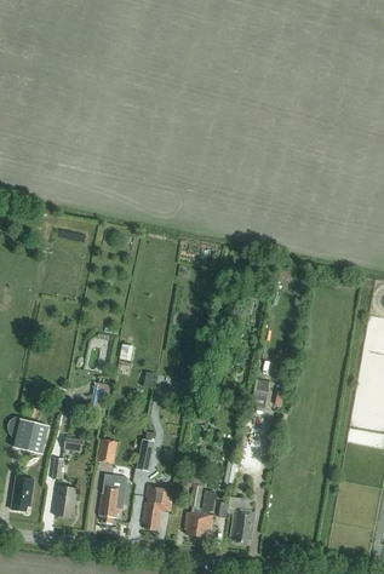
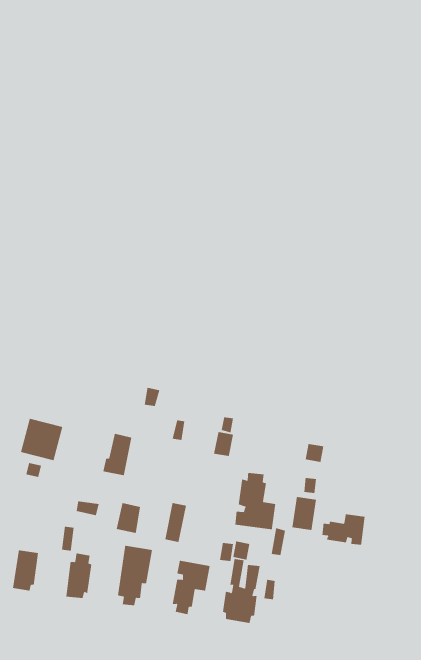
building: none -> [235,472,276,530]
building: [13,419,48,454] -> [20,418,63,461]
building: none -> [322,513,365,546]
building: [230,510,254,544] -> none

